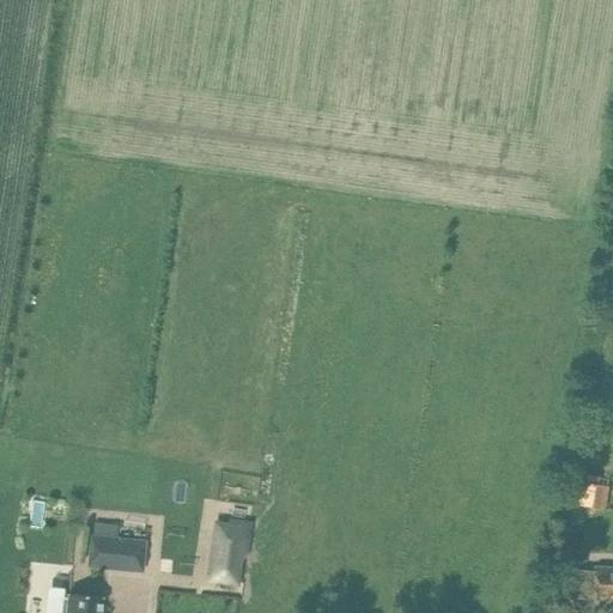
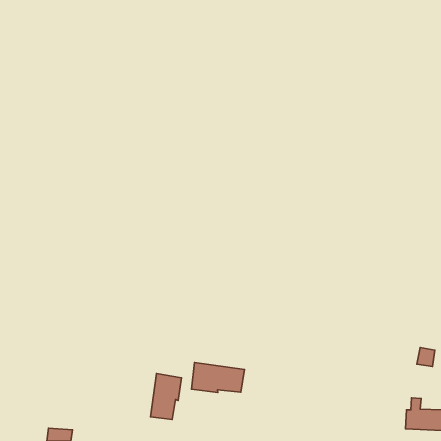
building: none -> [192,363,245,393]
building: [89,534,146,571] -> none

